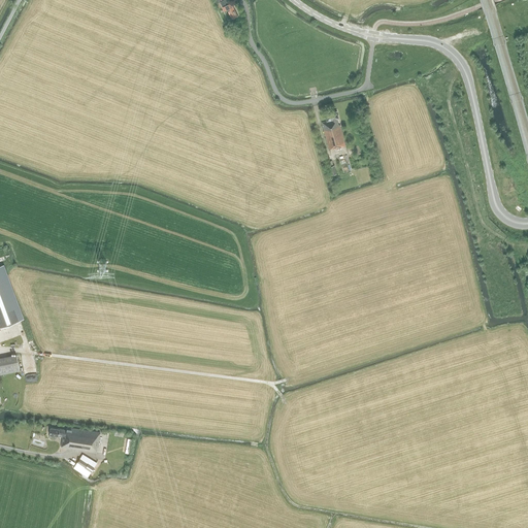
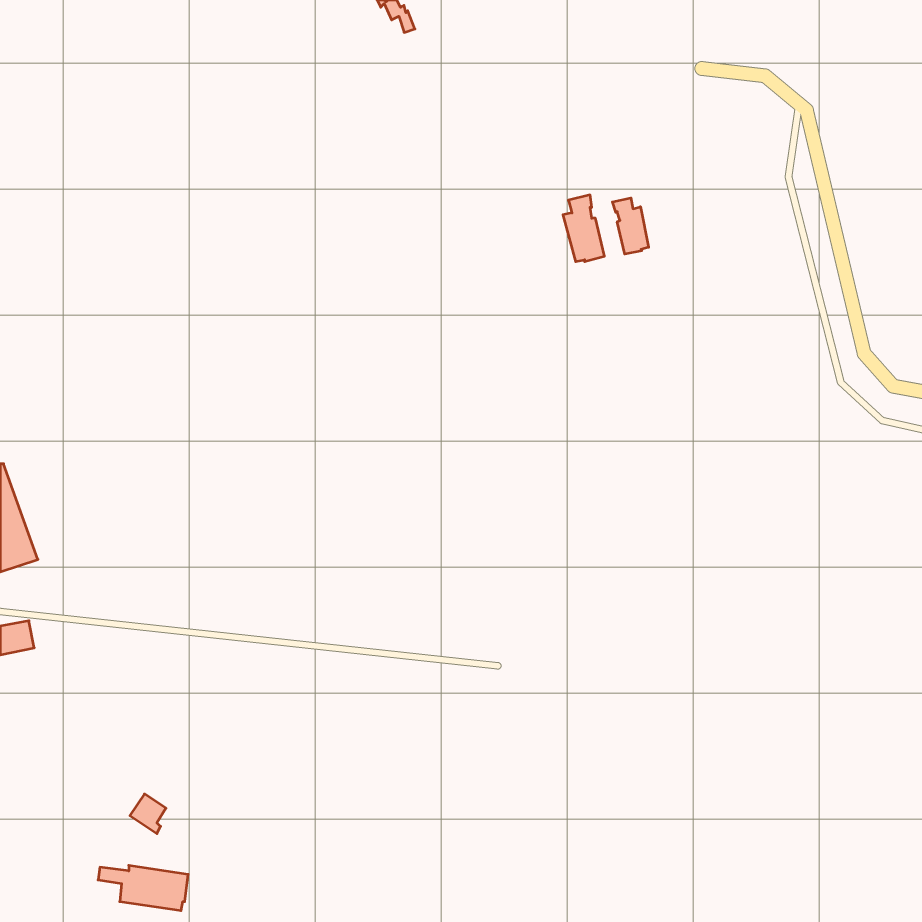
building: none -> [612,198,649,254]
building: [48,427,100,453] -> [98,865,188,911]

